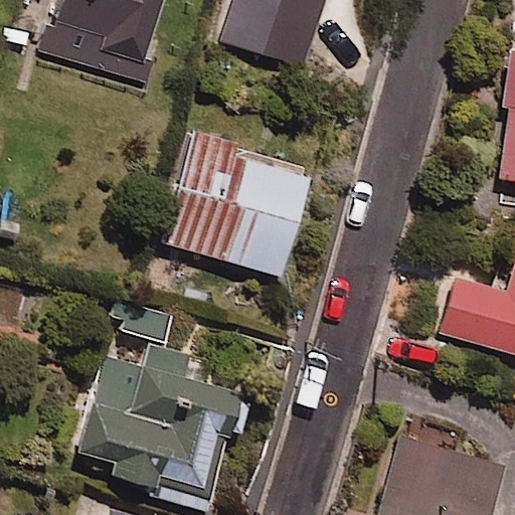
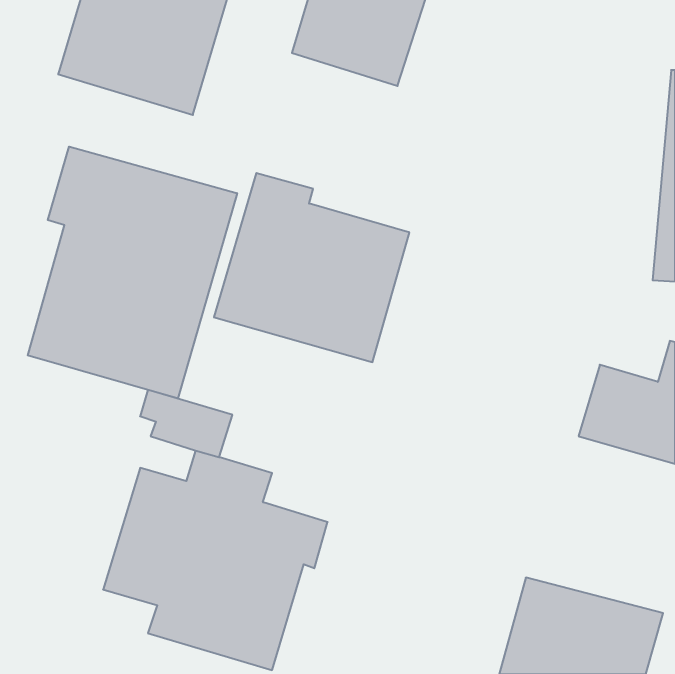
building: none -> [28,147,237,398]

